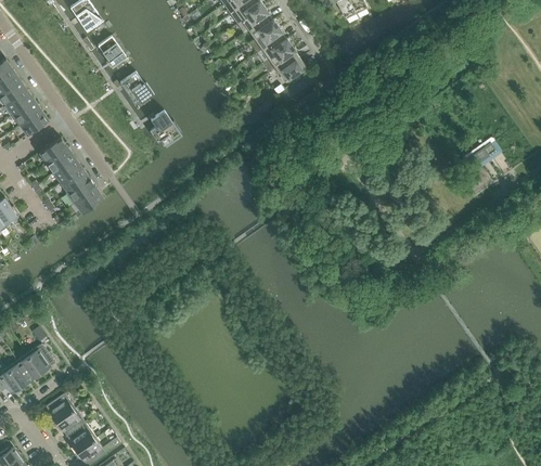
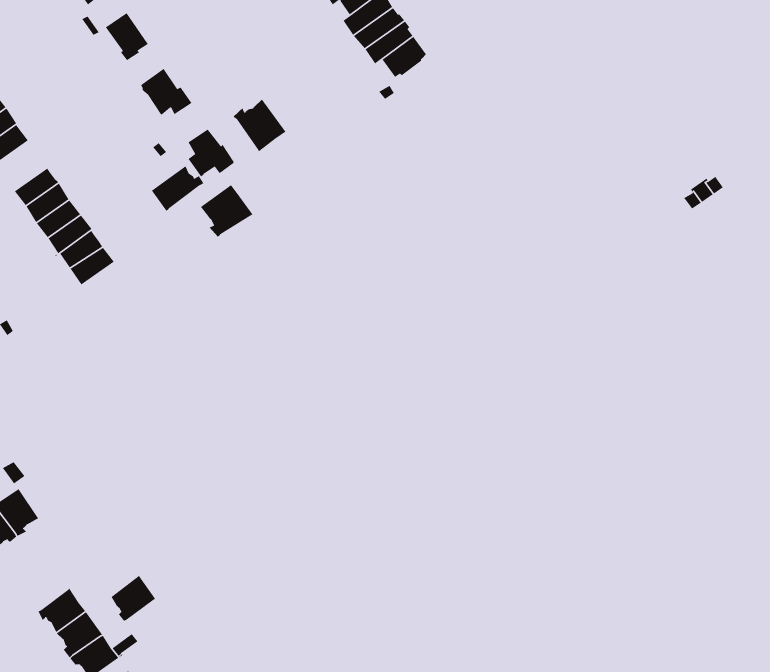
building: none -> [233,98,287,153]
building: none -> [151,165,204,212]
building: none -> [200,184,253,238]
building: [46,391,75,422] -> [110,575,156,622]

